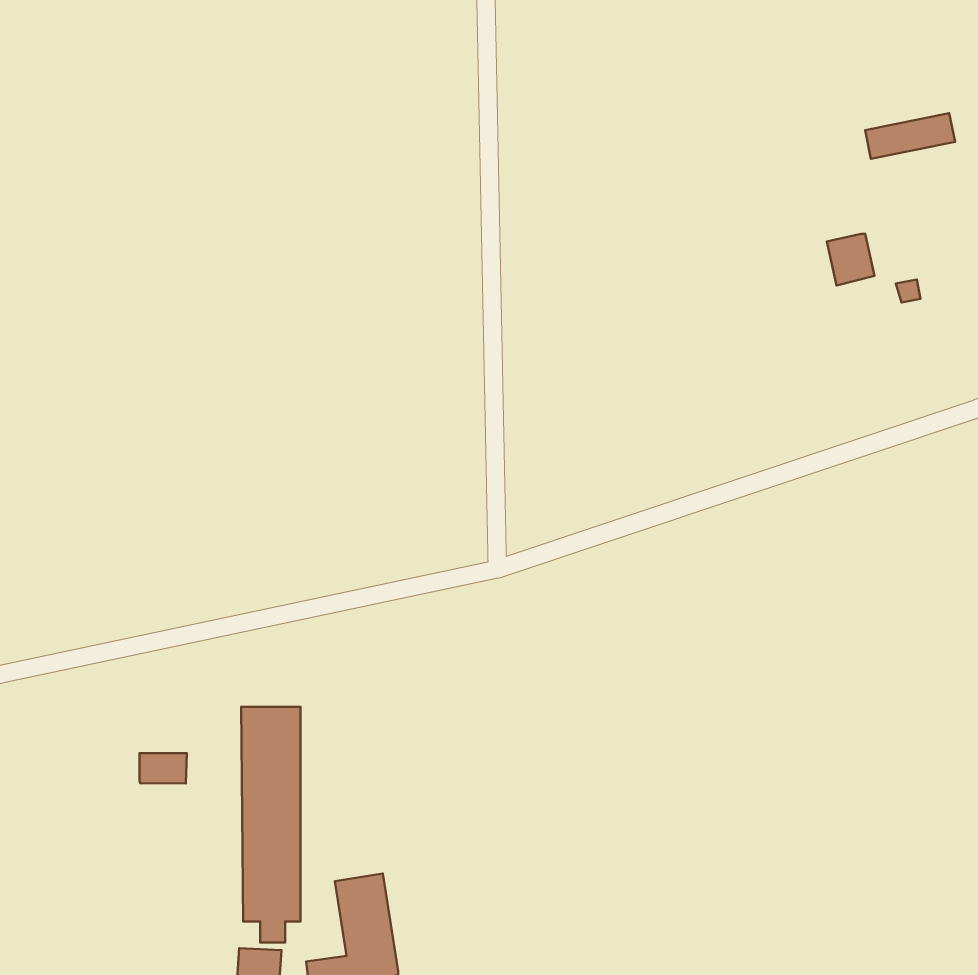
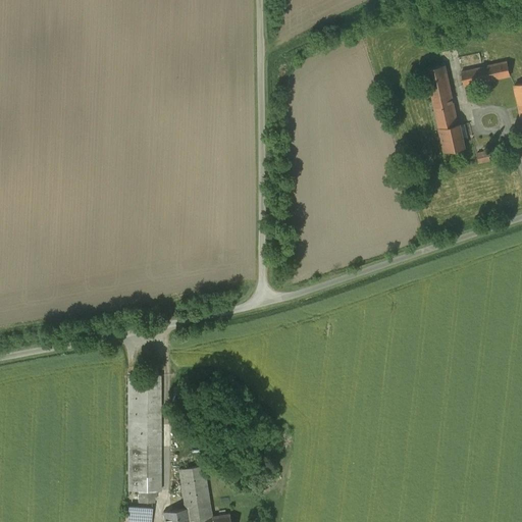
building: none -> [427,62,459,130]
building: [139,753,187,783] -> none

